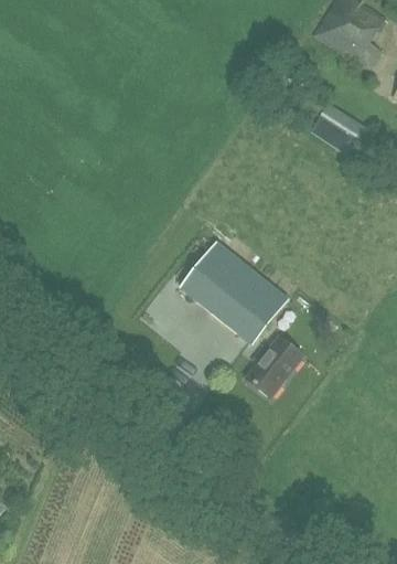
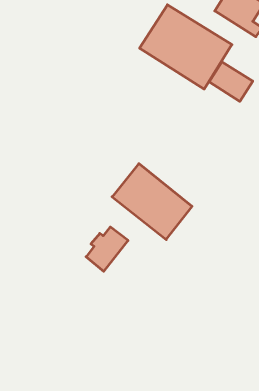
building: none -> [140,5,232,89]
building: [245,337,302,397] -> [86,227,128,271]

